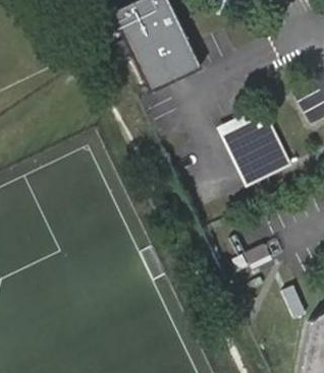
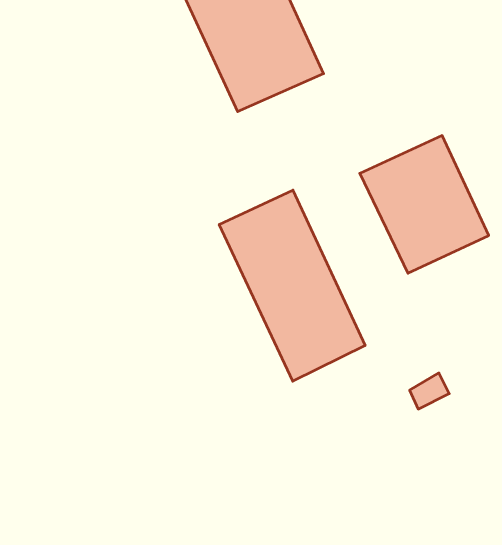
building: none -> [219,190,365,381]

